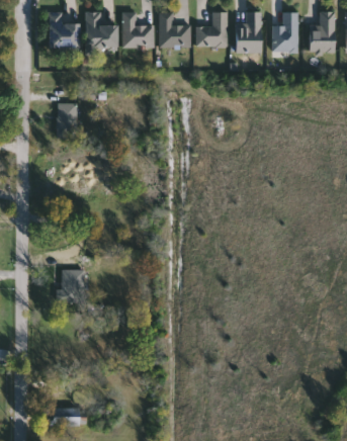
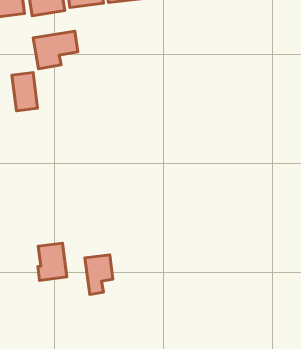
building: none -> [33,31,78,69]
building: none -> [85,255,113,295]

